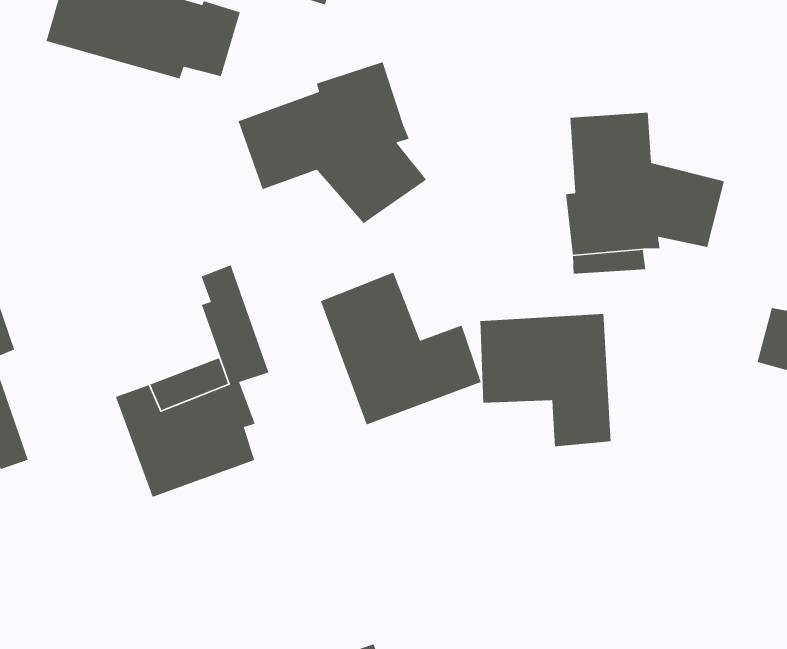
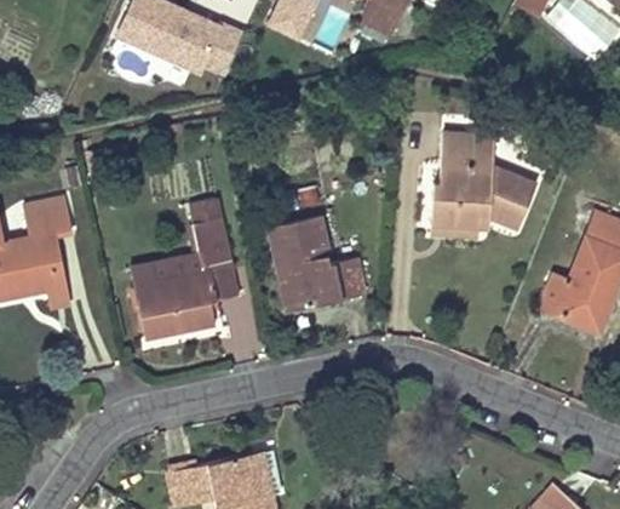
building: [237,61,427,224] -> none
building: [479,313,612,447] -> none

